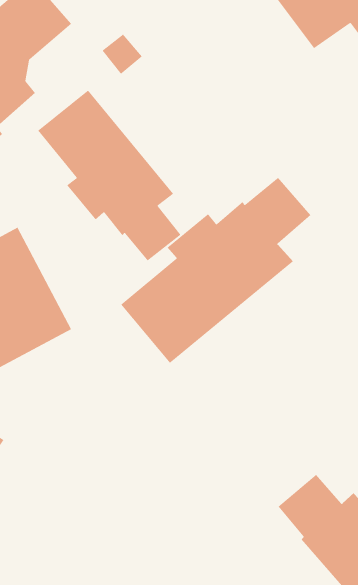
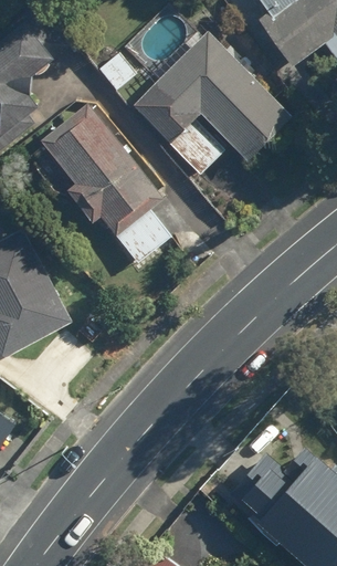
building: none -> [131,32,292,175]
building: [120,177,311,364] -> none

